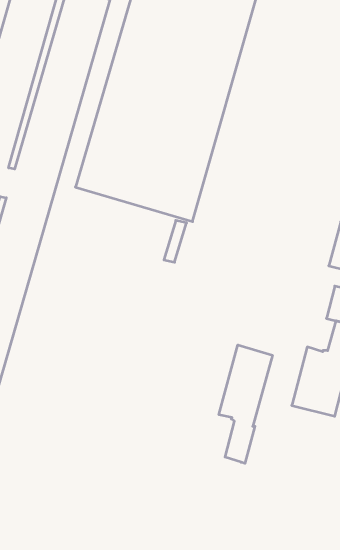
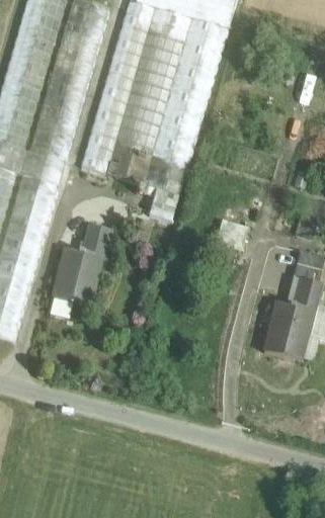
building: none -> [51,223,112,316]
building: [219,345,272,463] -> none

